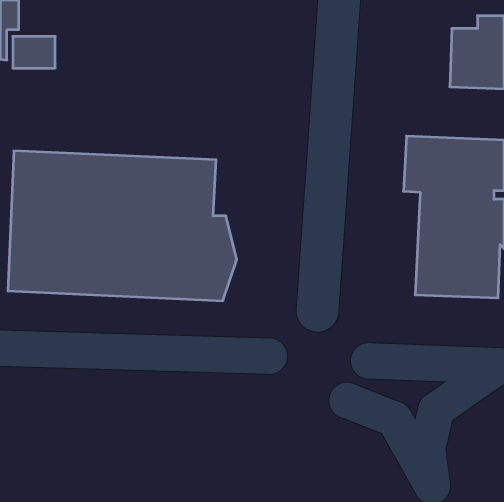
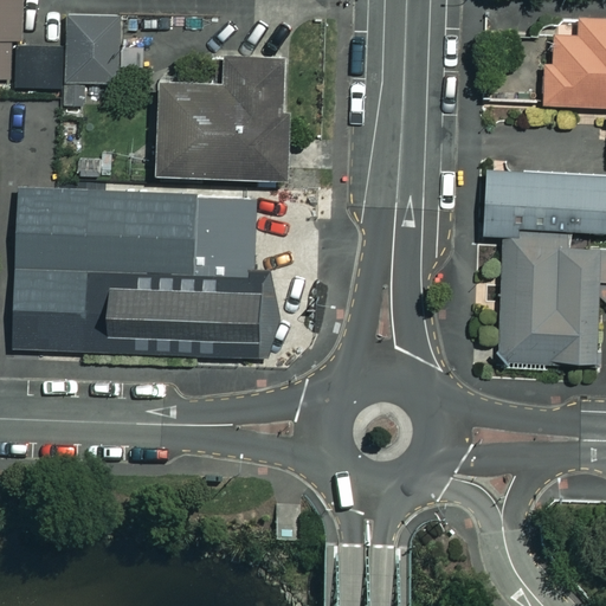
building: none -> [66,15,120,80]
building: none -> [154,58,284,181]

